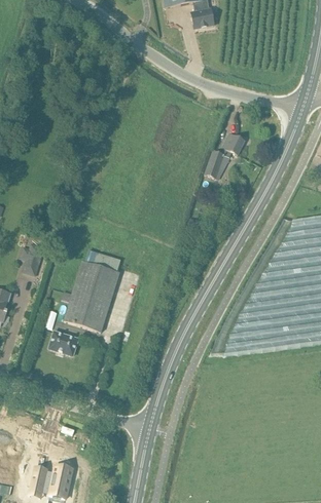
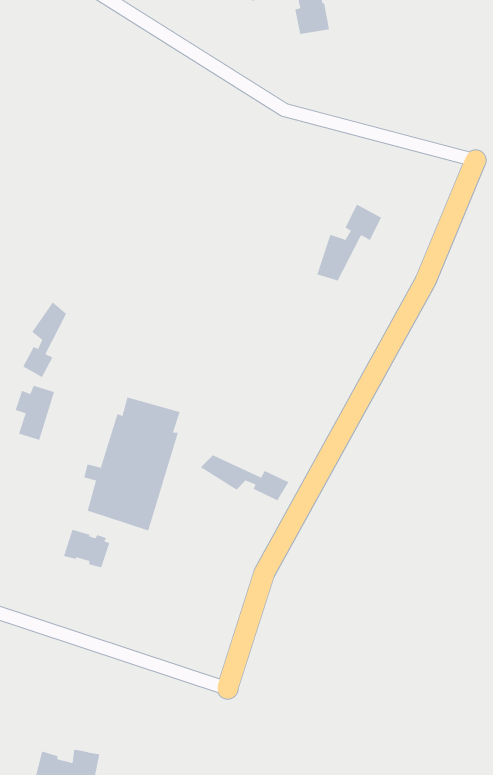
building: none -> [23,301,67,378]
building: none -> [200,454,289,501]

